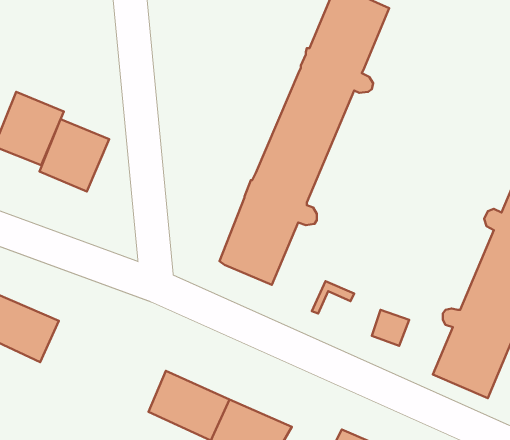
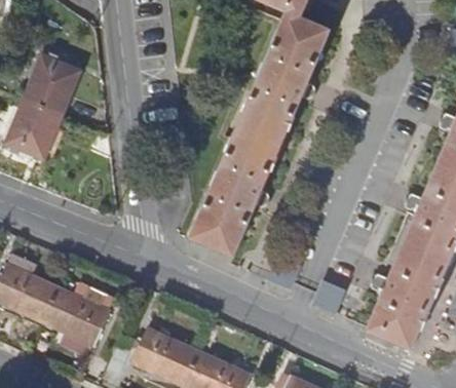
building: [39,119,109,191] -> [23,55,80,115]
building: none -> [42,287,109,345]

